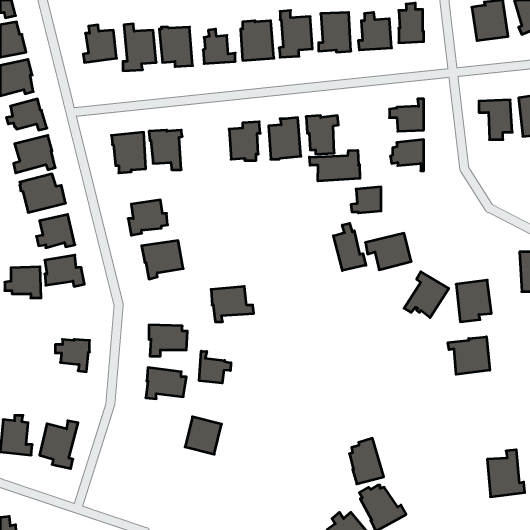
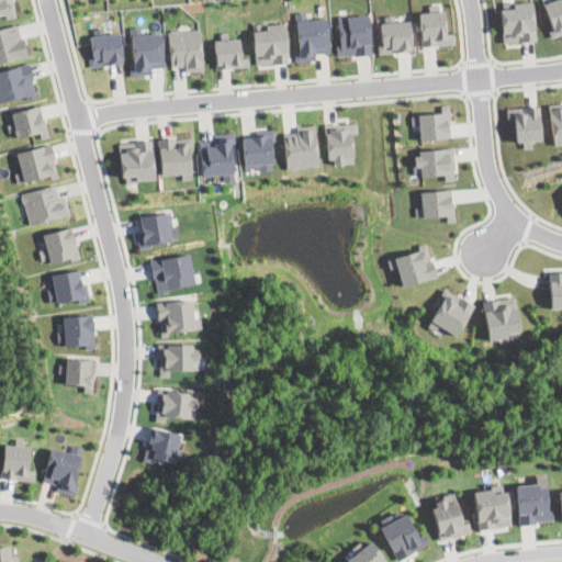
building: none -> [202,134,236,183]
building: [309,150,360,181] -> none
building: [351,187,381,213] -> [416,191,448,218]
building: [333,223,366,271] -> none
building: [5,267,41,298] -> [59,317,98,350]
building: [211,286,254,322] -> [158,301,203,338]
building: [448,337,490,374] -> none
building: [199,351,231,383] -> none
building: [185,417,222,454] -> [144,426,182,465]
building: [349,438,384,484] -> [427,496,463,544]
building: none -> [474,490,512,532]

